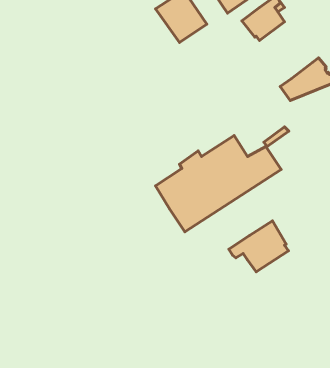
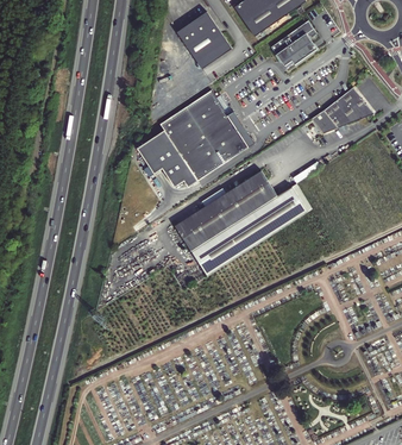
building: none -> [137,88,250,187]
building: [229,221,288,272] -> none

